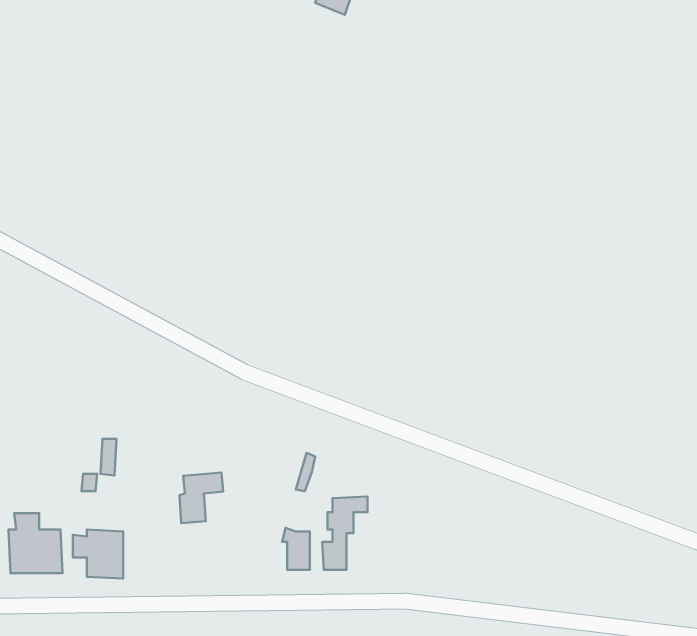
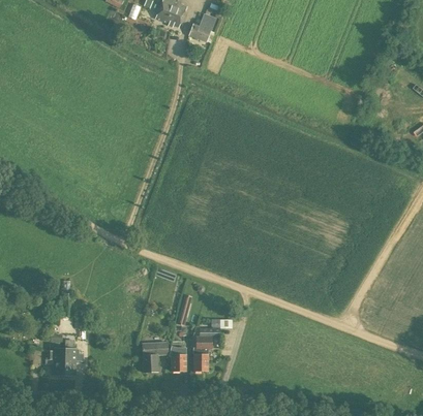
building: [180,472,223,523] -> [142,341,168,371]
building: [8,513,62,573] -> none

